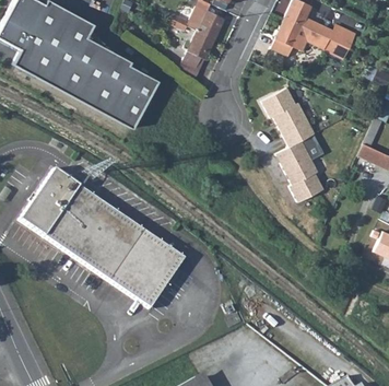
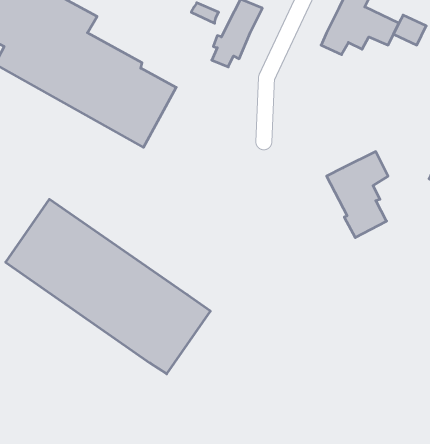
building: [261,86,315,145] -> none

